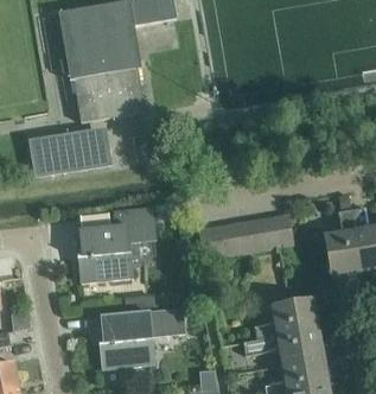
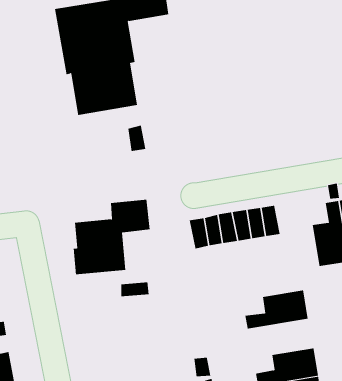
building: [31,133,110,176] -> none
building: [100,306,186,368] -> none
building: [246,329,325,366] -> none

